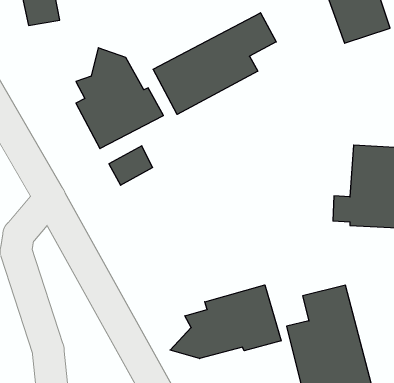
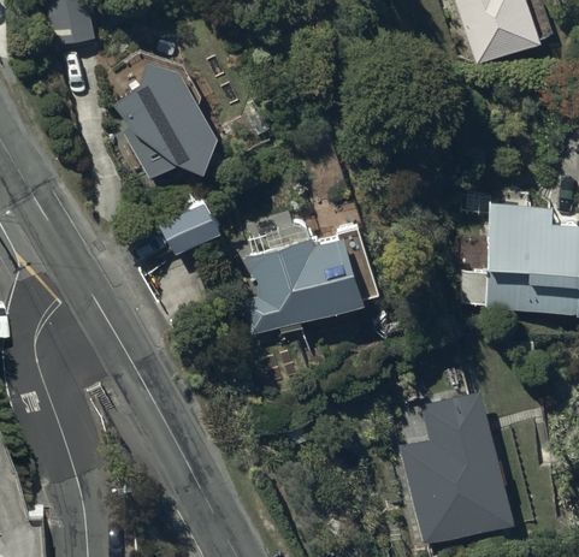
building: [153,13,276,114] -> none
building: none -> [242,226,378,334]
building: [170,285,281,359] -> none

